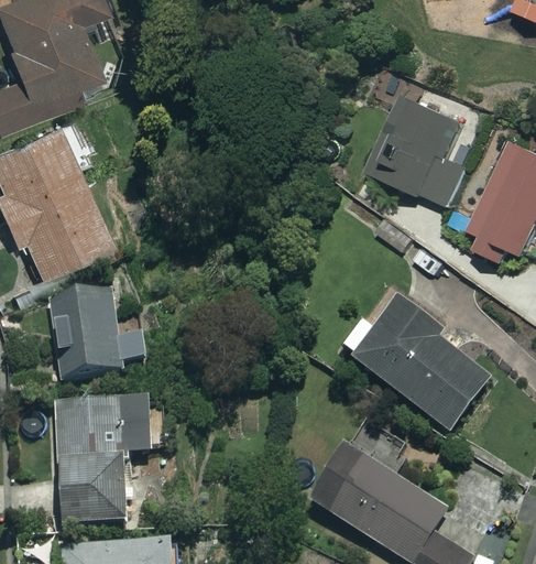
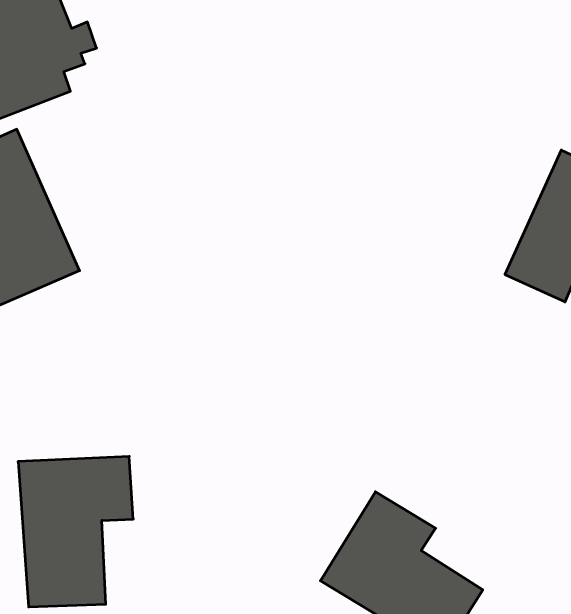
building: [370,94,463,204] -> none
building: [50,286,149,377] -> none
building: [342,297,491,432] -> none

